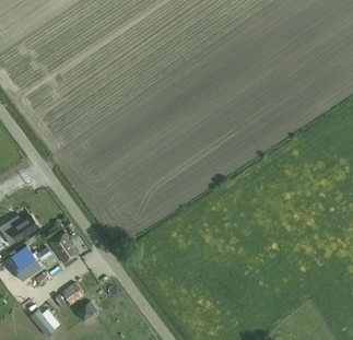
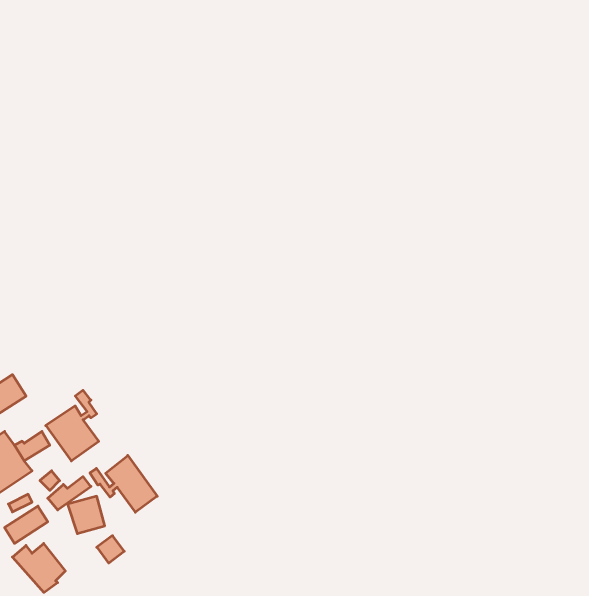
building: none -> [90,455,157,512]

